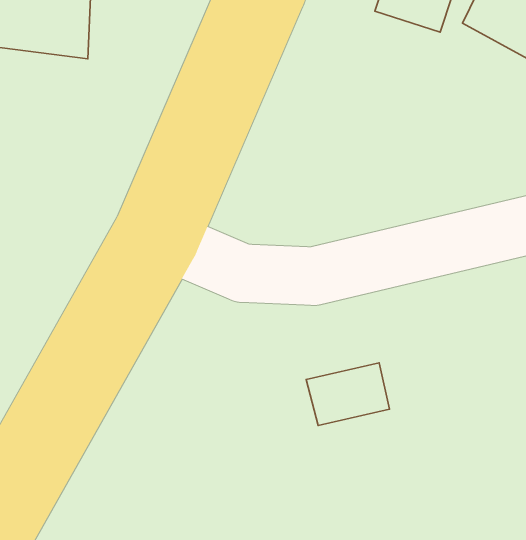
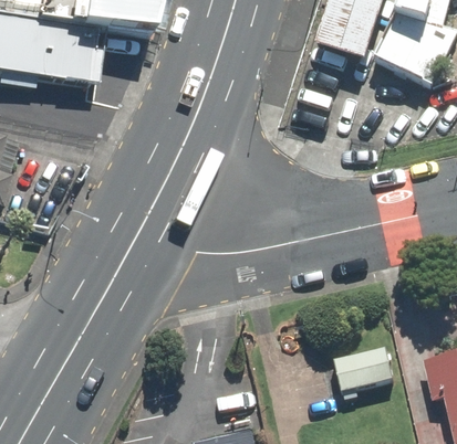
building: [306,363,390,425] -> [335,346,397,392]

